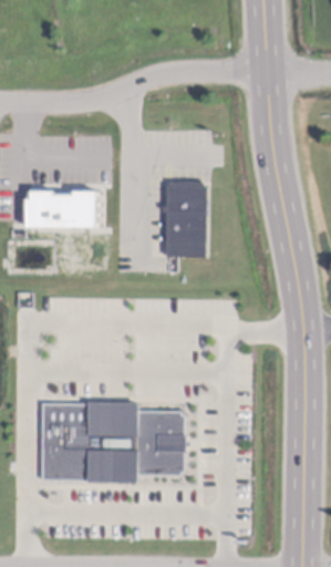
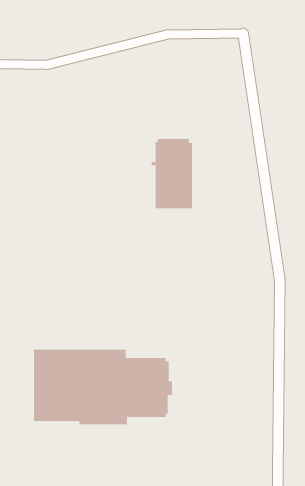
building: [29,194,100,233] -> none

